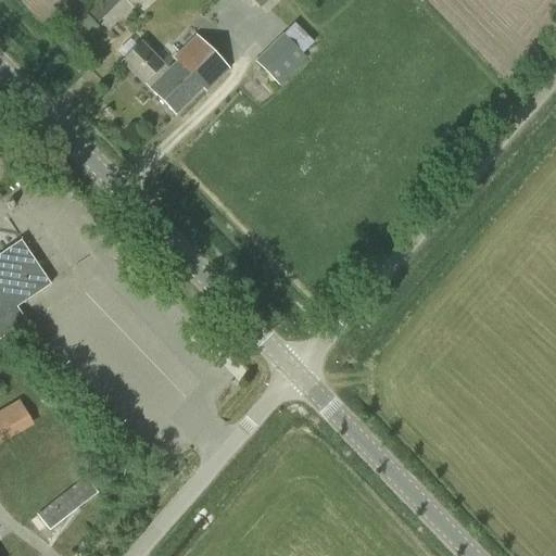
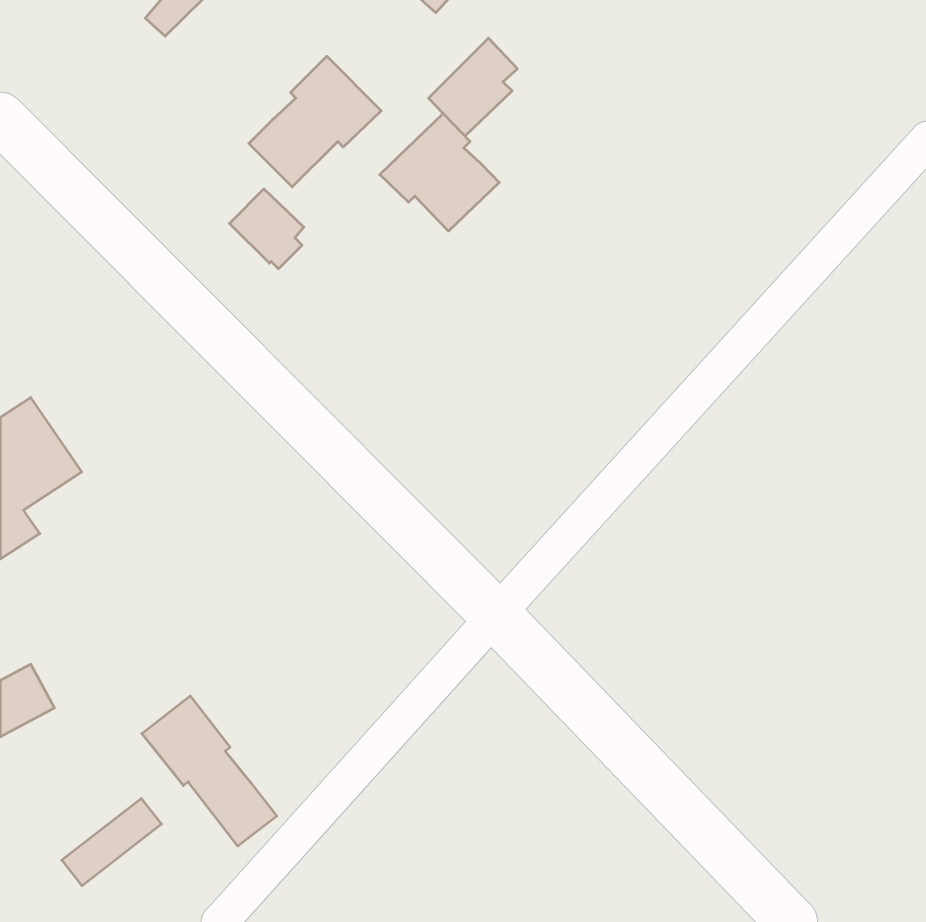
building: [121,38,165,86] -> [229,189,304,269]
building: none -> [380,114,499,231]
building: none -> [142,696,277,846]

